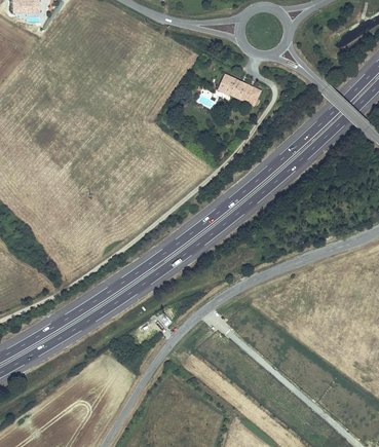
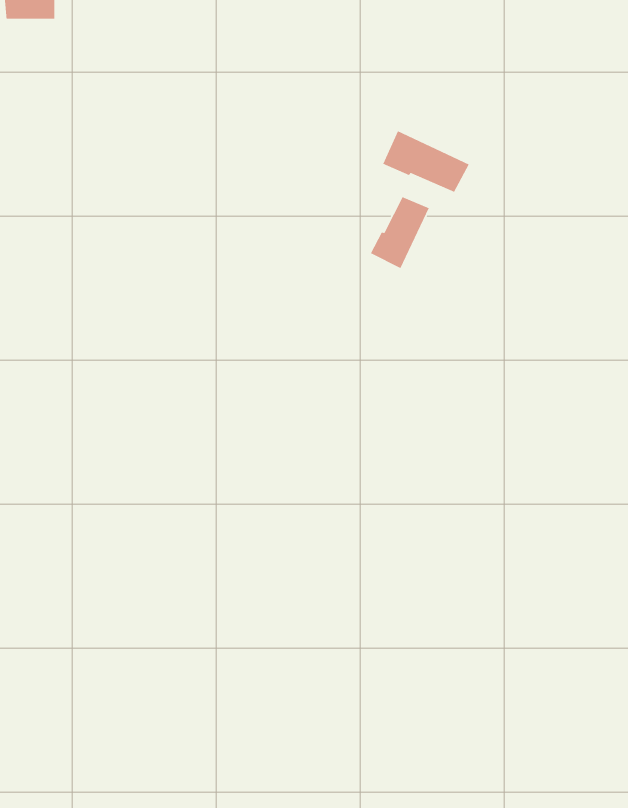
building: none -> [370,196,430,269]

